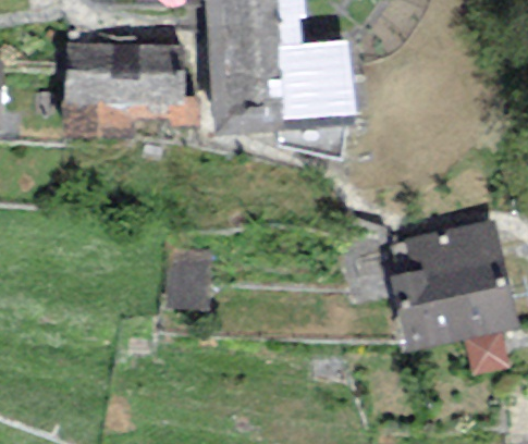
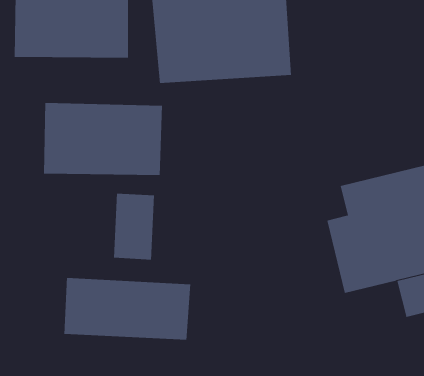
building: none -> [44,102,162,176]
building: none -> [64,277,191,340]

